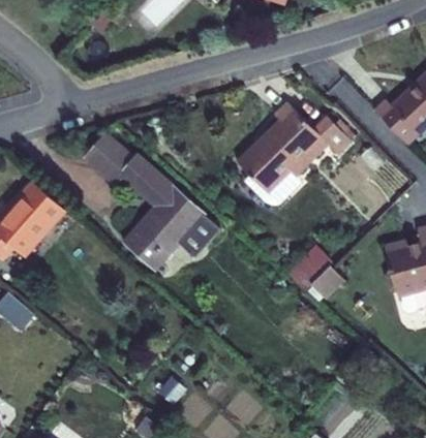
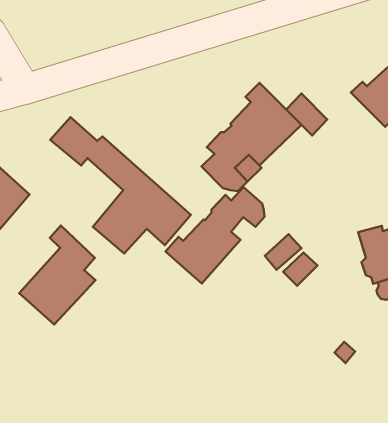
building: none -> [165,187,265,284]
building: none -> [19,225,95,325]

